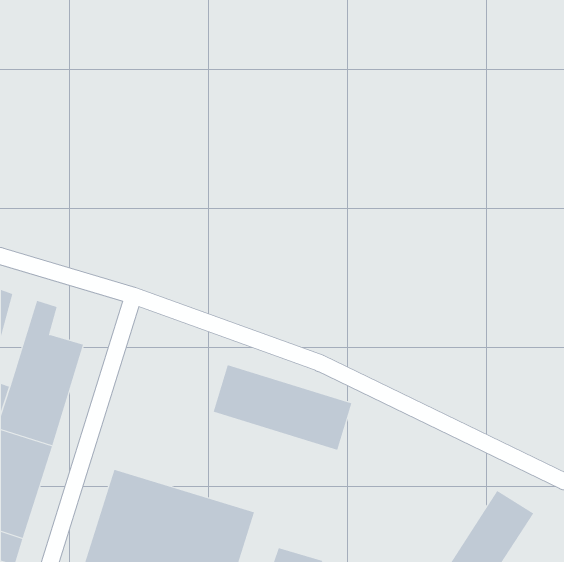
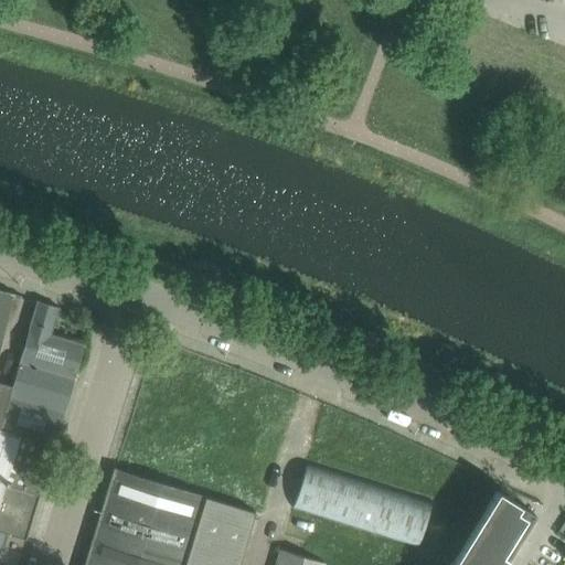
building: [213,364,352,451] -> [292,463,431,550]

